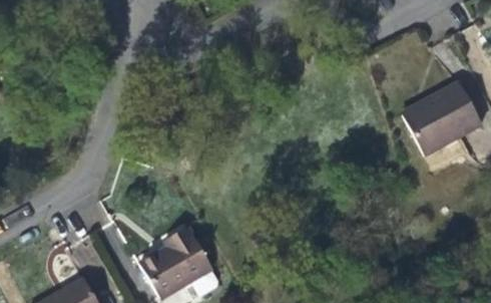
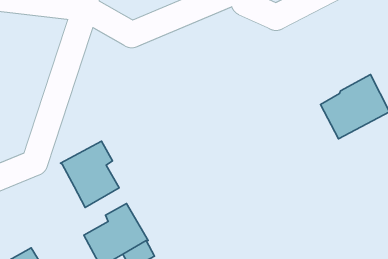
building: none -> [60,141,119,207]

